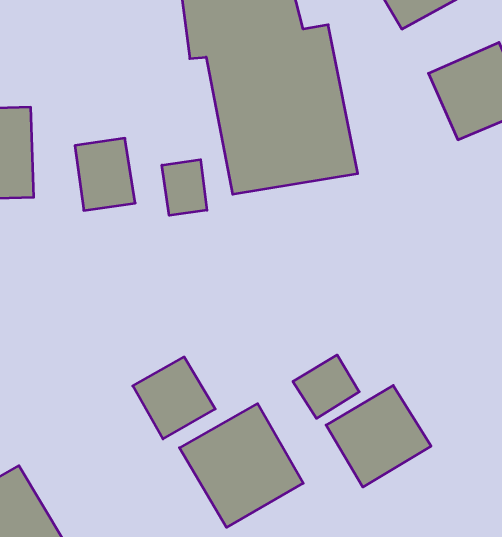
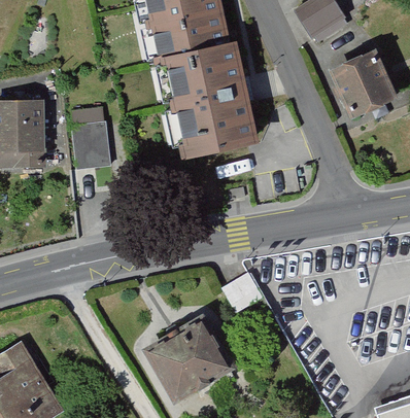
building: [162,160,207,215] -> none
building: [133,357,215,439] -> none
building: [326,385,431,487] -> none

